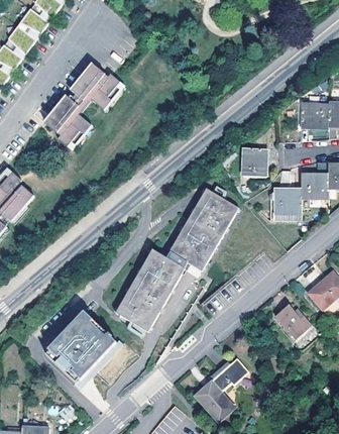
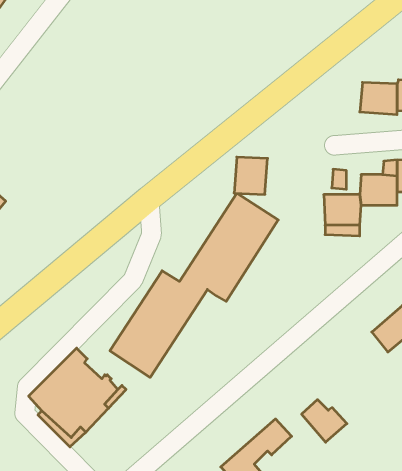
building: [44,64,123,148] -> none
building: [241,148,266,177] -> [234,157,268,194]
building: [276,307,311,339] -> [302,400,347,442]

